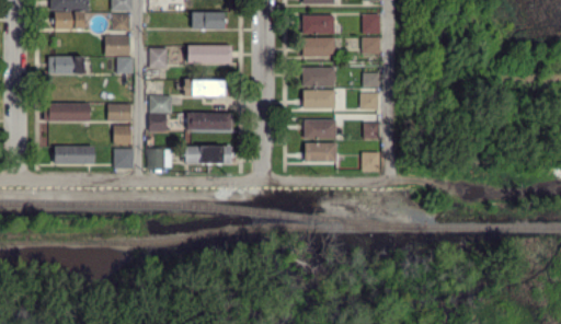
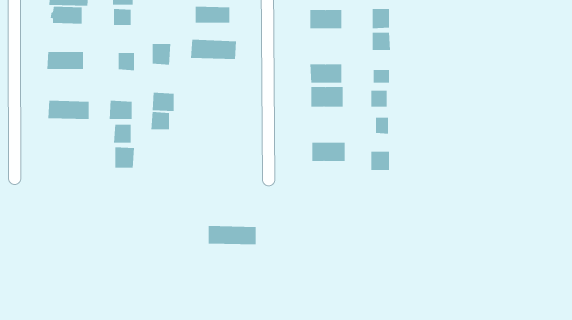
building: [105,36,130,56] -> none
building: [302,37,335,57] -> none
building: [184,79,231,96] -> none
building: [187,112,231,130] -> none
building: [305,120,336,139] -> none
building: [55,146,96,164] -> none
building: [185,146,232,164] -> [208,226,257,245]
building: [147,149,173,170] -> none

